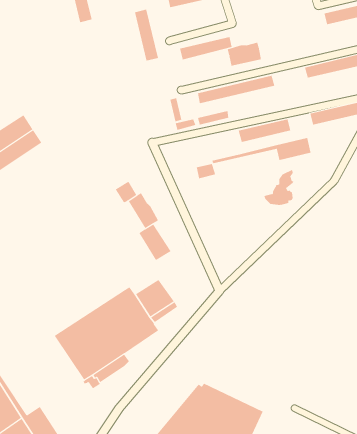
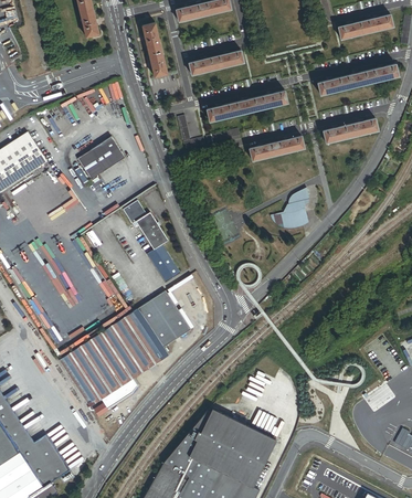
building: [227,42,262,67] -> none
building: none -> [77,136,125,179]
building: [196,137,311,179] -> none

